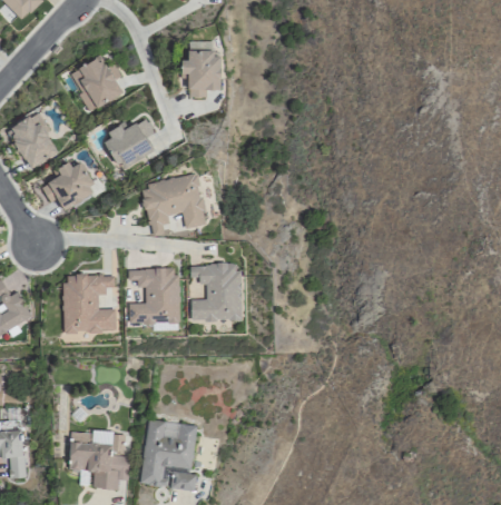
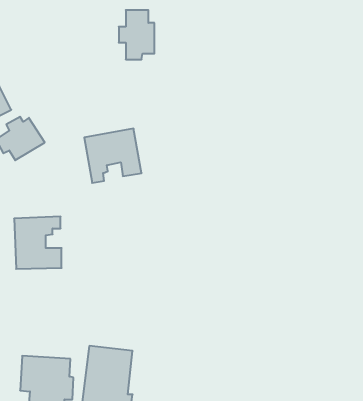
building: [69,56,124,111] -> none
building: [105,118,155,169] -> none
building: [190,263,243,321] -> none
building: [129,268,180,324] -> none

